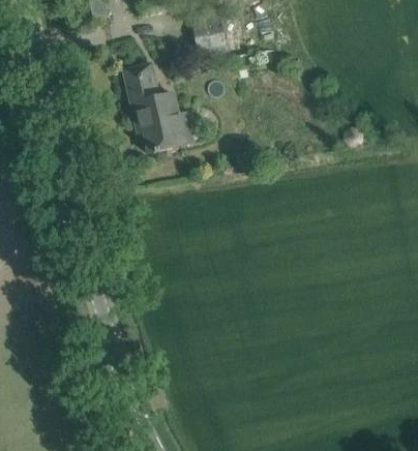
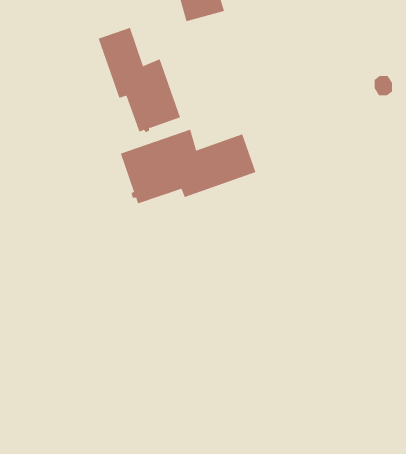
building: none -> [120,129,256,204]

